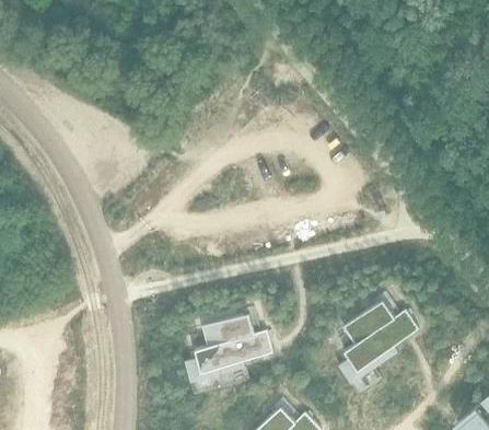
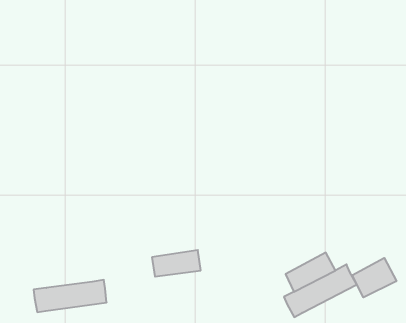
building: none -> [352,258,396,297]
building: [195,333,272,374] -> [34,280,107,312]

